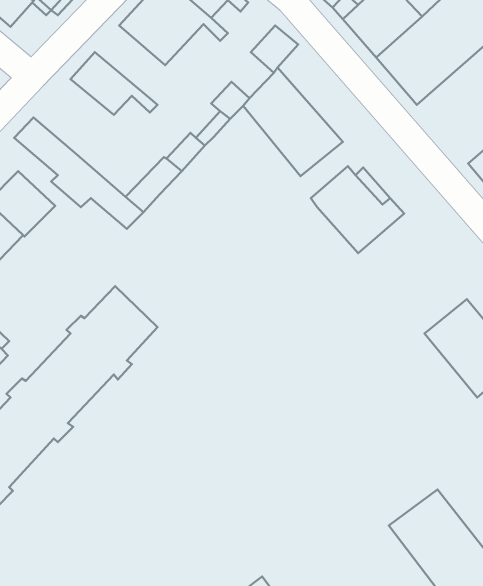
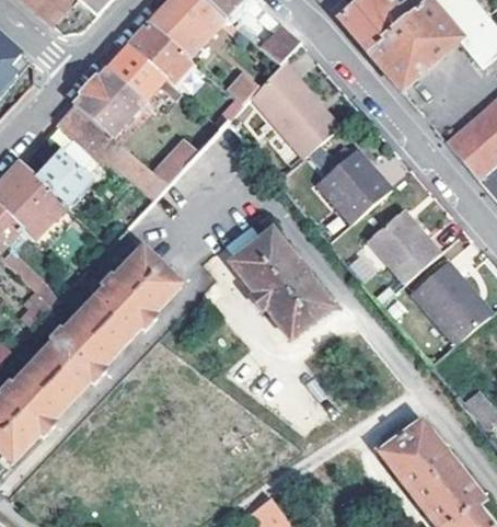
building: none -> [126,24,194,85]
building: none -> [73,70,142,135]
building: none -> [365,206,437,280]
building: none -> [228,229,330,337]

